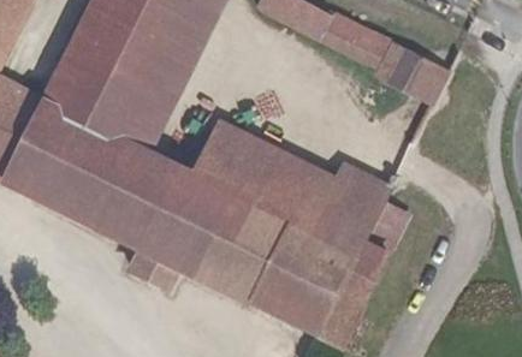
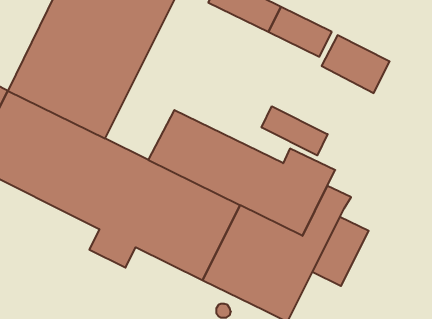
building: none -> [262,106,328,155]
building: none -> [312,217,369,286]

